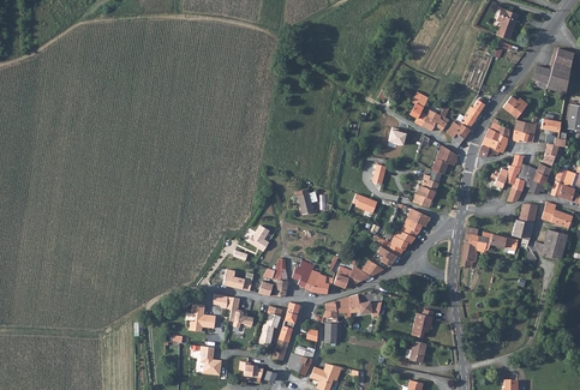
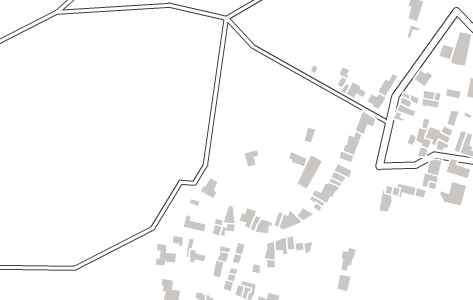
building: none -> [297,155,323,189]

